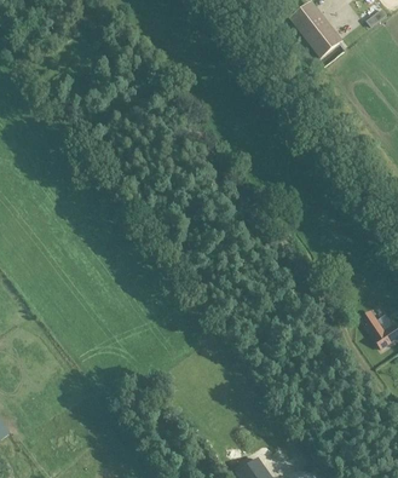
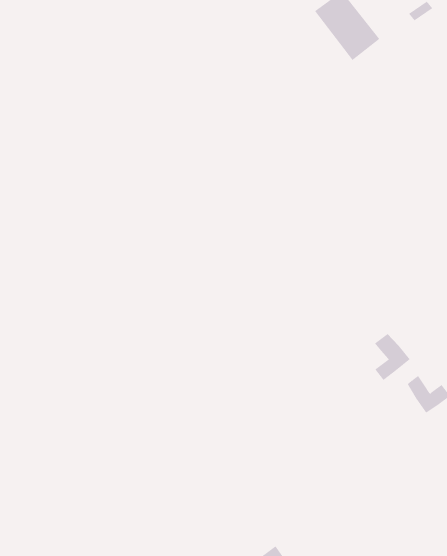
building: none -> [374,333,410,381]

